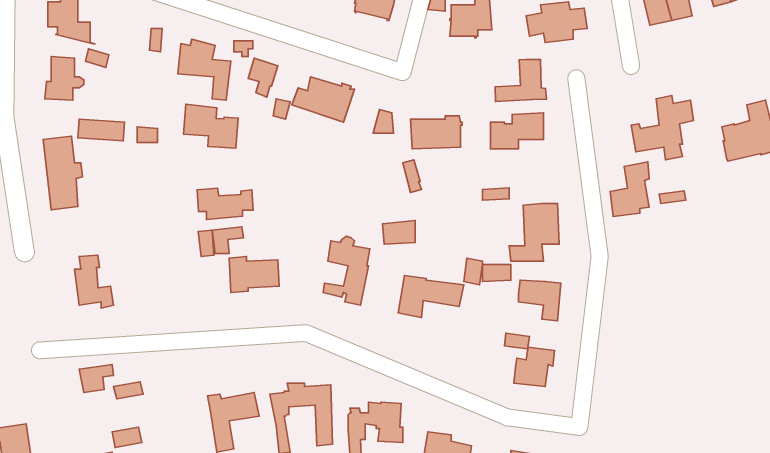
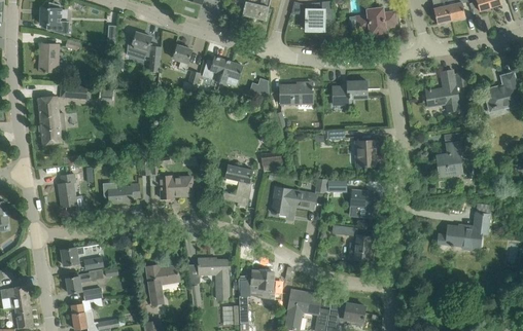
building: [495,59,547,102] -> none
building: [184,104,238,148] -> none
building: [610,162,649,216] -> [435,140,461,176]
building: [197,188,253,219] -> [102,182,139,203]
building: none -> [437,203,490,251]
building: none -> [66,268,103,293]

